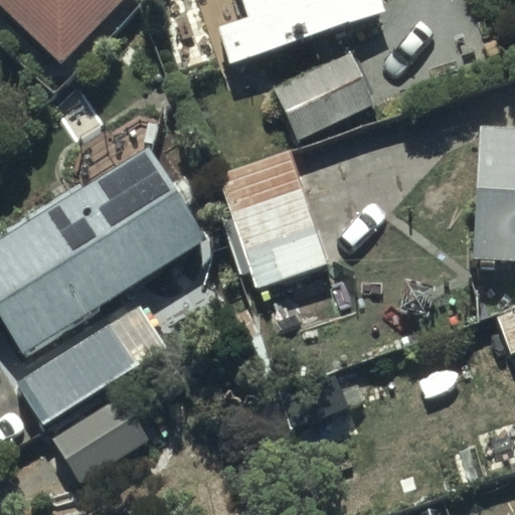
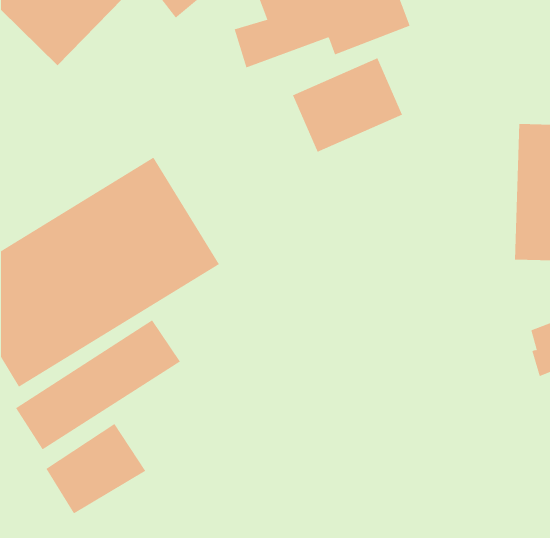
building: [217,152,328,290] -> none

